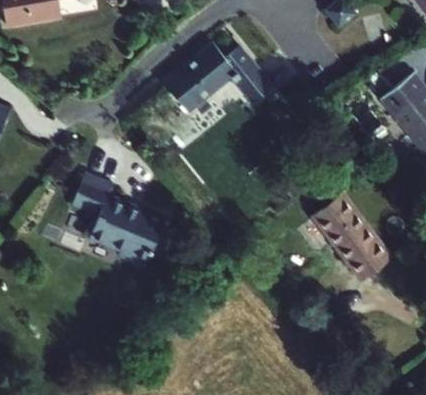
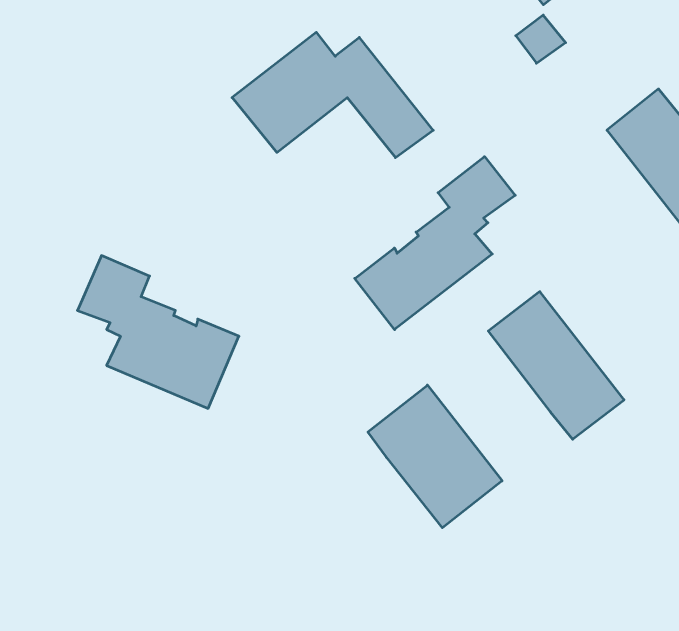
building: none -> [355,157,515,330]
building: none -> [368,385,502,528]

